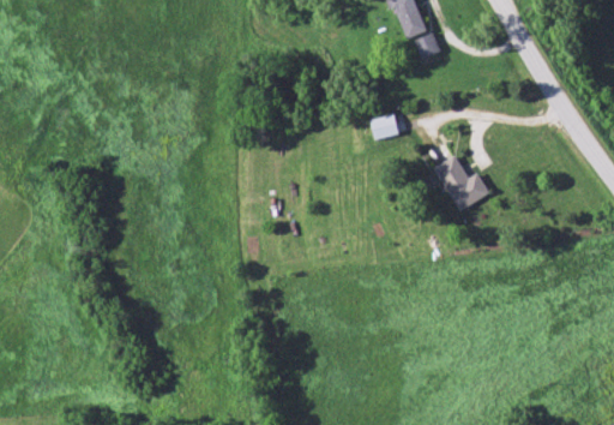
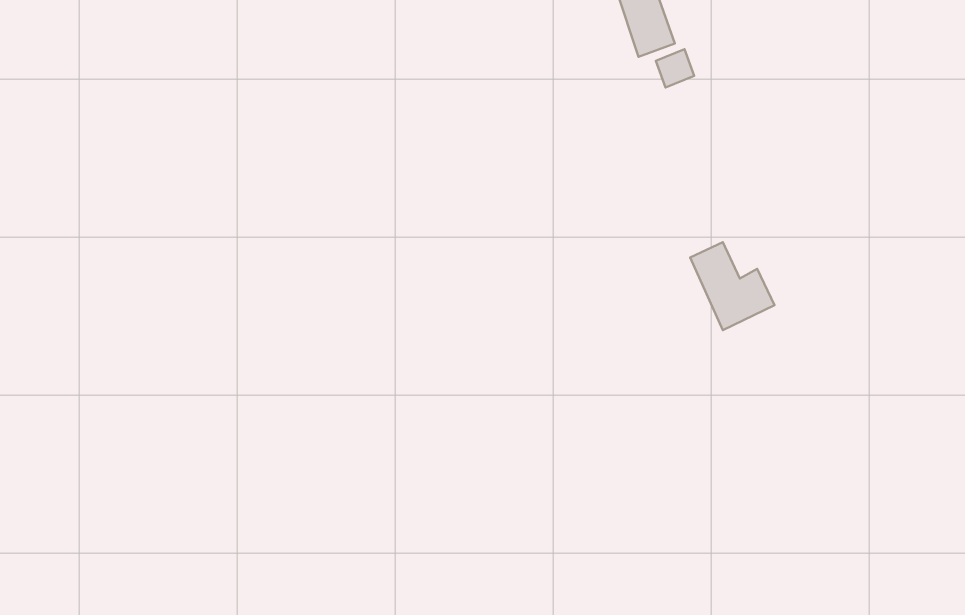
building: [369,114,399,140] -> none

